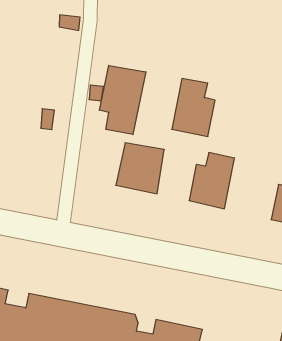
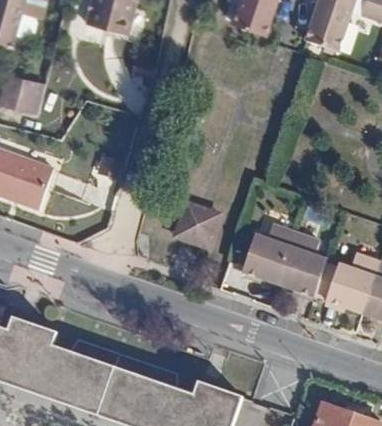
building: [99,65,146,135] -> none
building: [172,79,215,136] -> [276,230,323,291]

